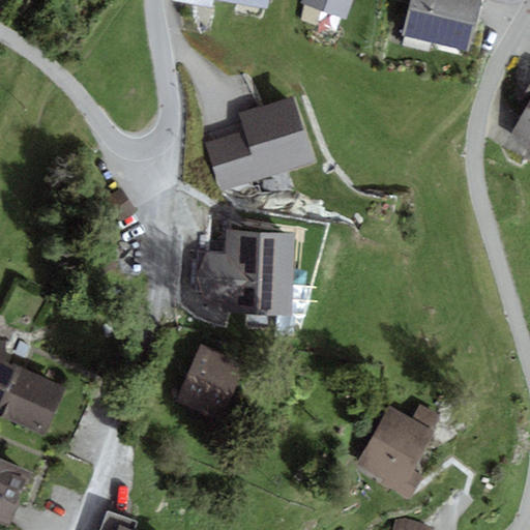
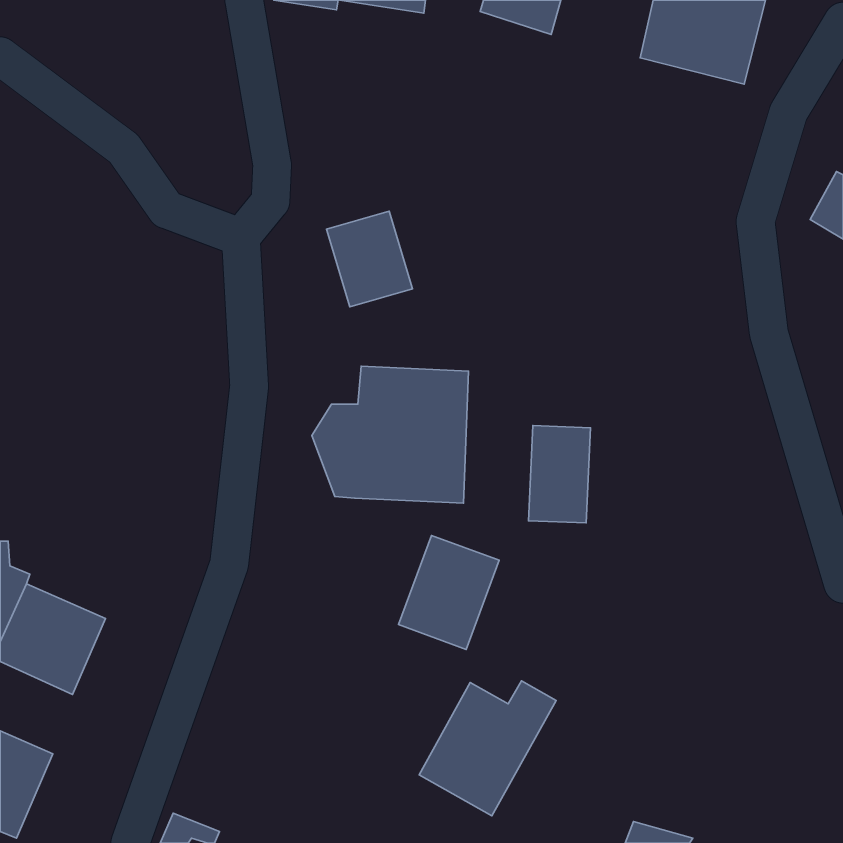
building: [238,96,314,181] -> none
building: none -> [528,426,591,523]
building: [180,346,243,417] -> [399,536,499,649]
building: [356,405,442,490] -> [419,681,556,816]

